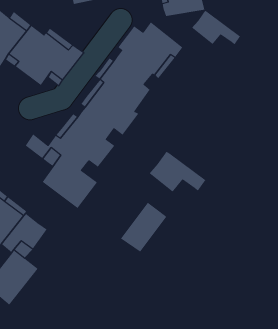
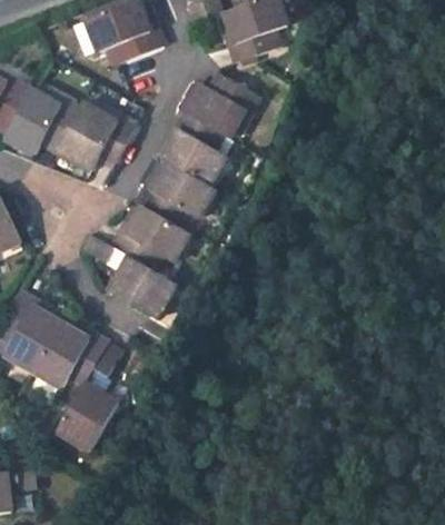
building: [191,10,241,45] -> none
building: [149,151,206,193] -> none
building: [120,202,167,253] -> none

